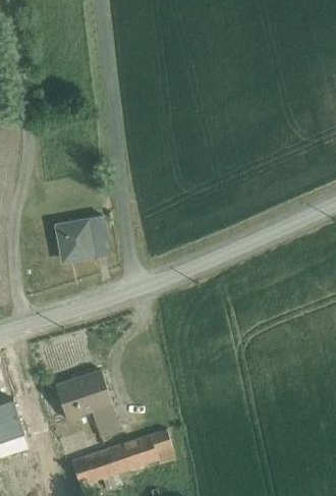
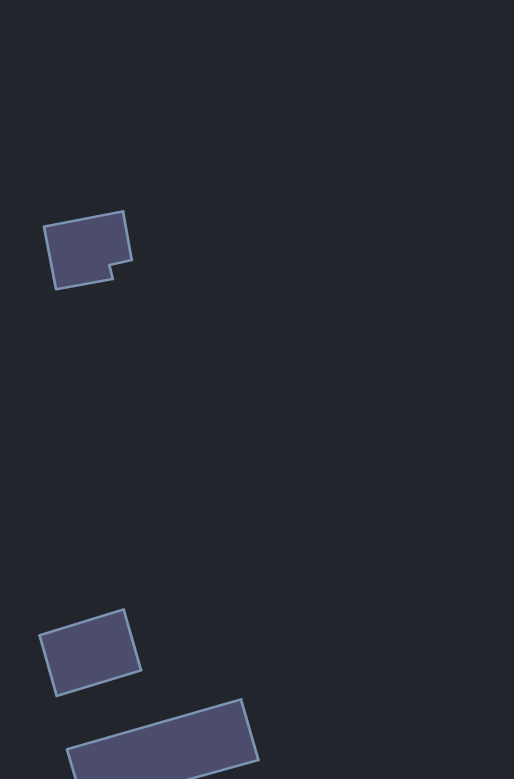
building: [56,218,108,264] -> [44,211,132,289]

